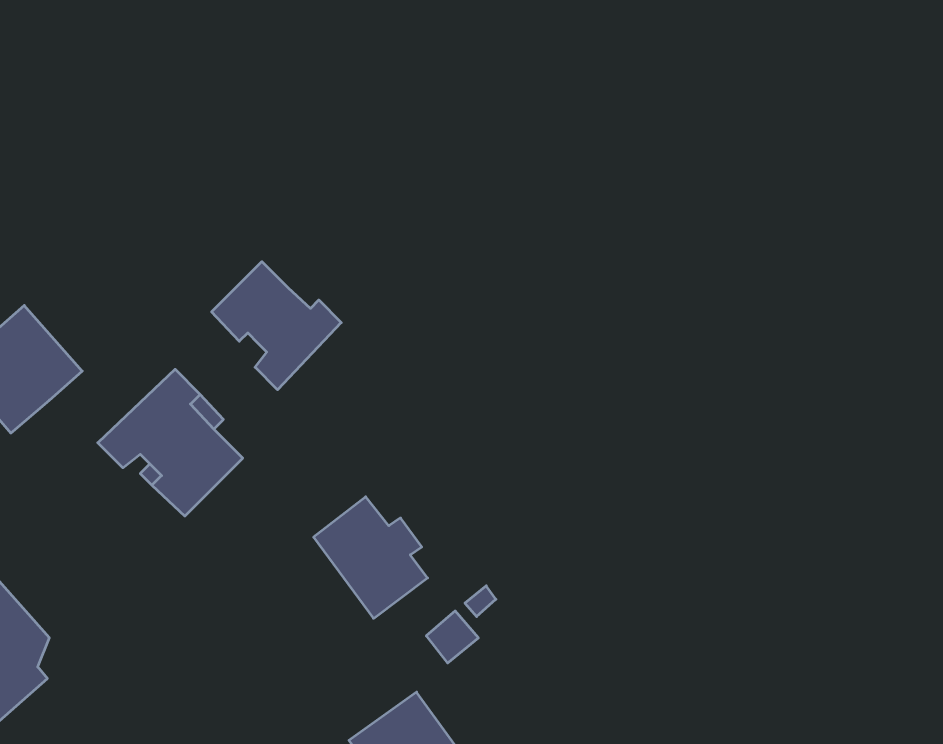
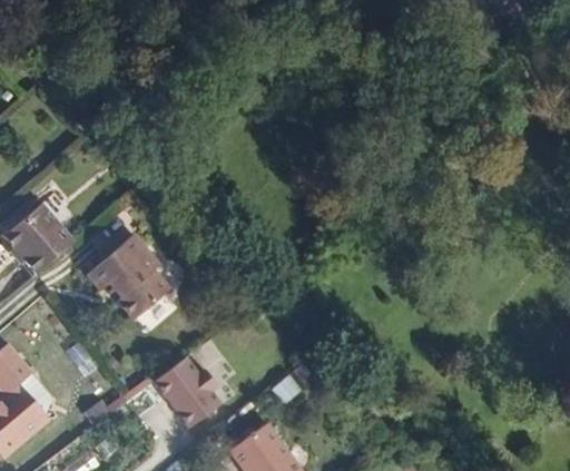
building: [212,262,341,390] -> none
building: [314,497,428,618] -> [157,355,223,425]

